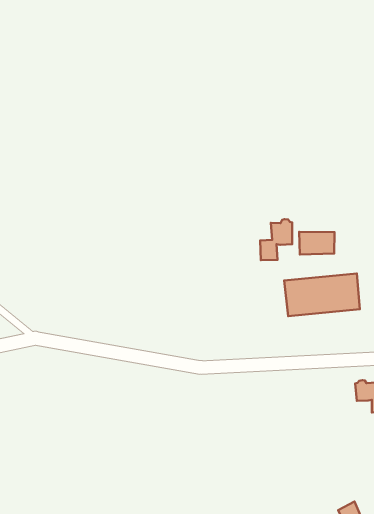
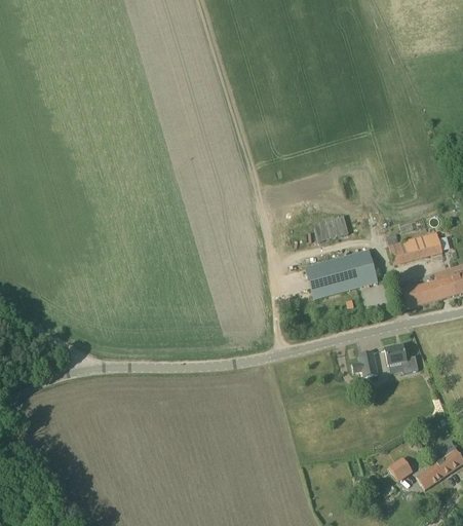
building: [260,219,292,260] -> none
building: none -> [352,351,378,377]

